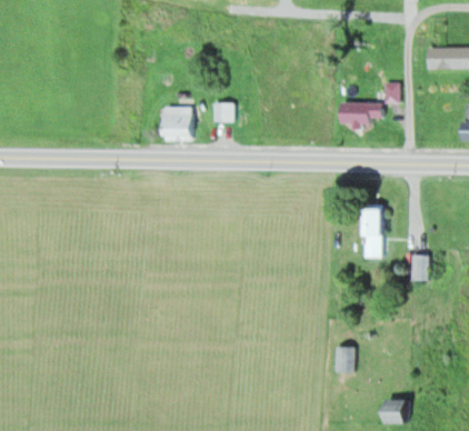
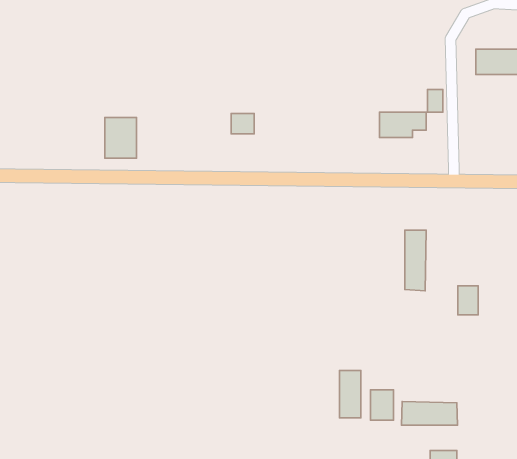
building: [162,106,190,141] -> [105,118,137,158]
building: none -> [340,371,361,418]
building: none -> [402,402,458,425]

